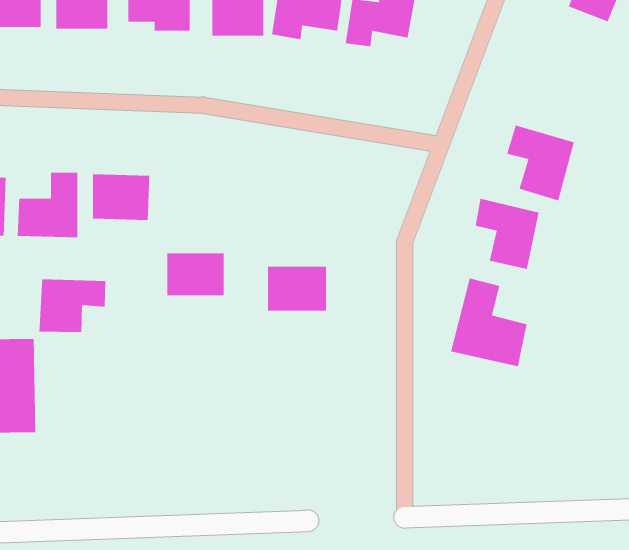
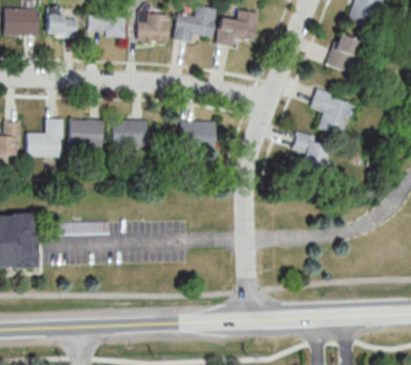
building: none -> [325,34,360,74]
building: [166,252,224,296] -> [112,121,146,146]
building: [267,266,327,312] -> [180,122,215,148]
building: [450,278,528,367] -> none
building: [38,279,106,333] -> none

